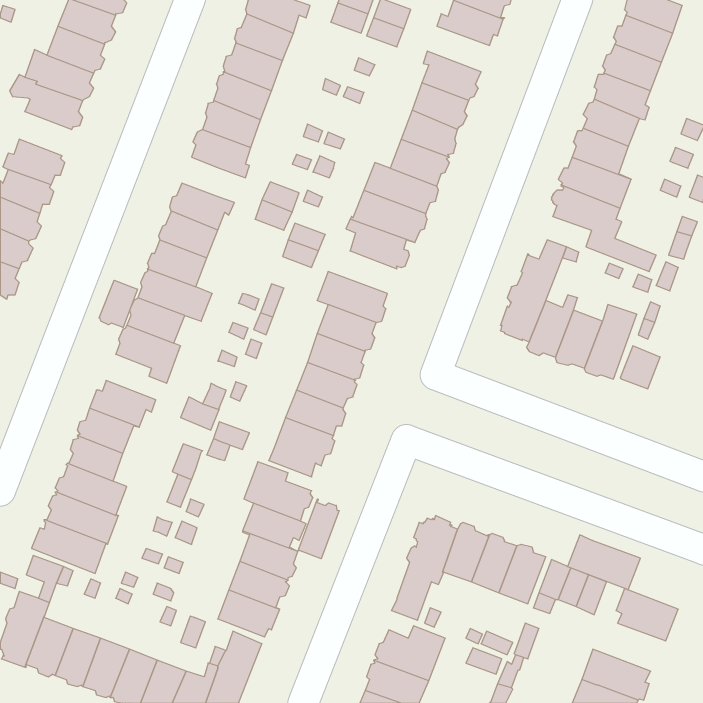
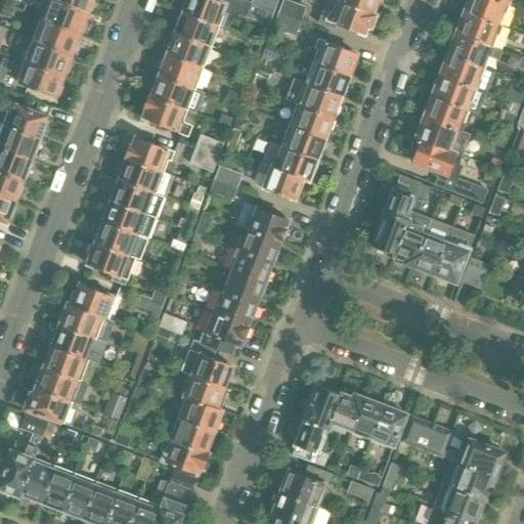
building: [99,280,137,328] -> none
building: [298,499,339,559] -> none
building: [567,535,640,590] -> [441,458,495,499]

